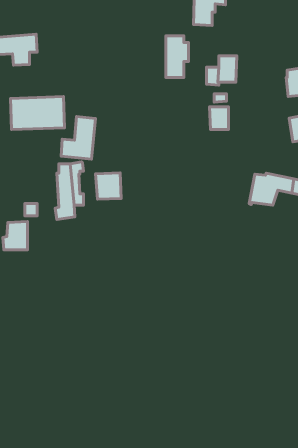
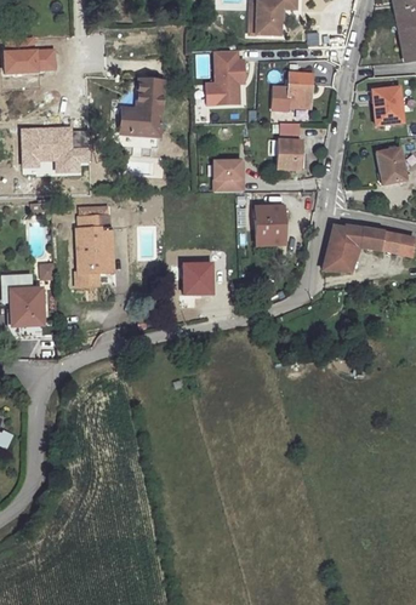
building: [61,117,95,159] -> [119,80,163,135]
building: none -> [212,160,241,192]
building: none -> [253,206,285,245]
building: [96,173,121,199] -> [179,262,212,296]

